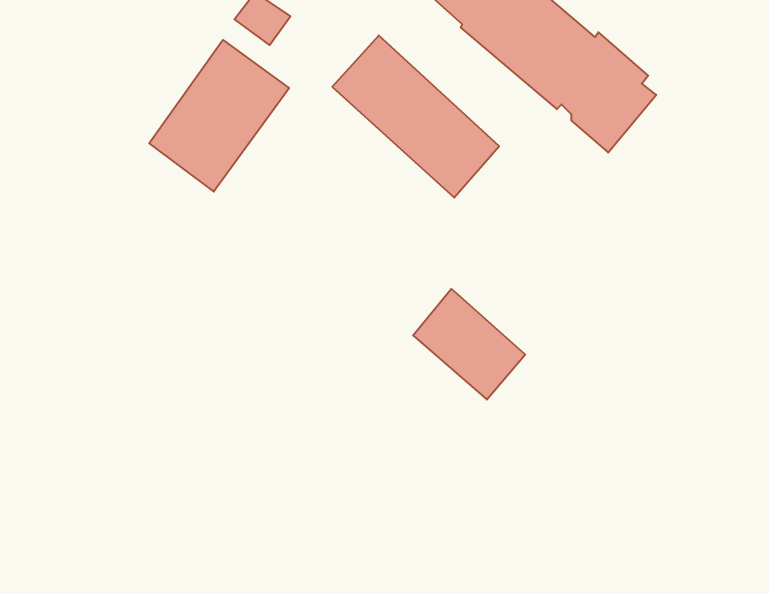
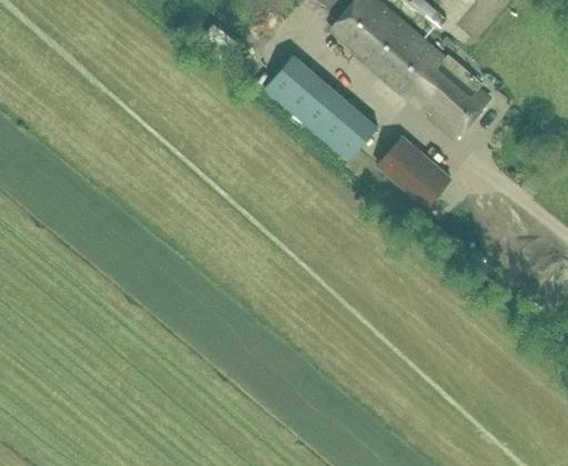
building: [149,40,289,192] -> none
building: [413,289,525,400] -> [376,134,454,211]

